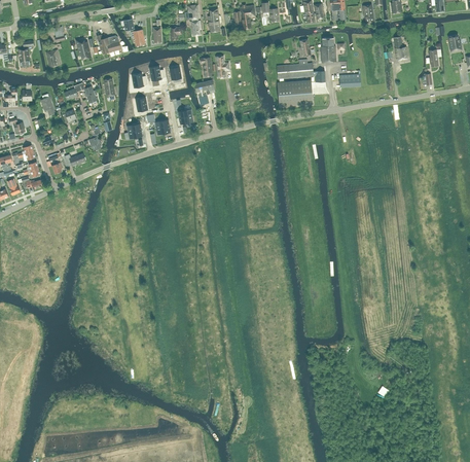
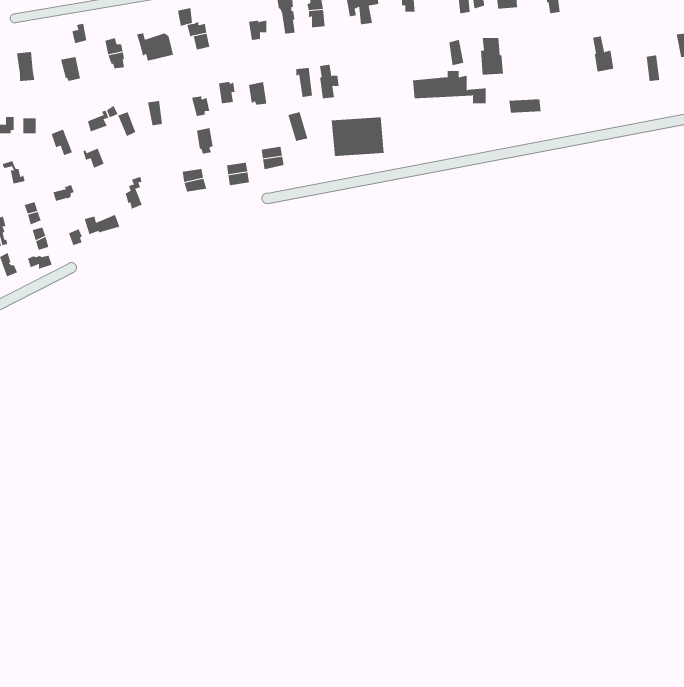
building: [277,79,312,105] -> [331,117,385,156]

